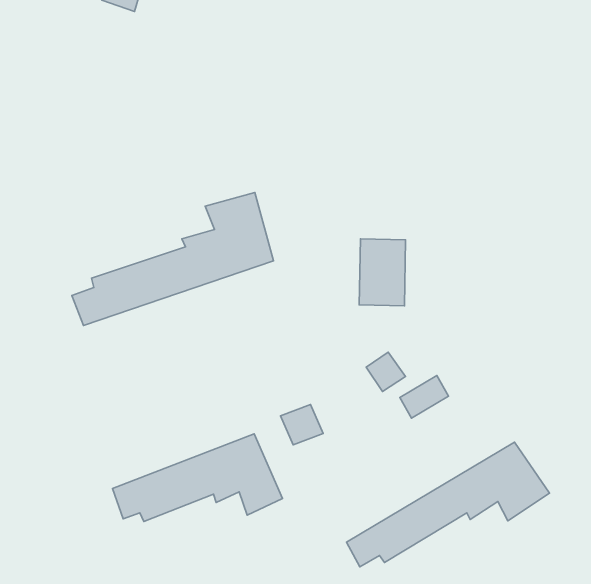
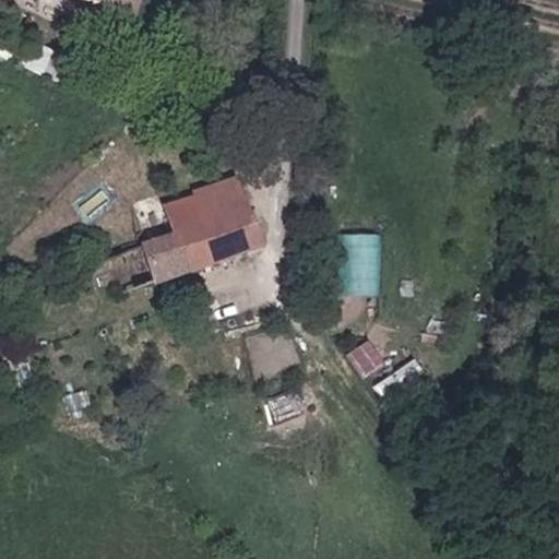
building: [112,434,283,522] -> none
building: [346,442,550,567] -> none

